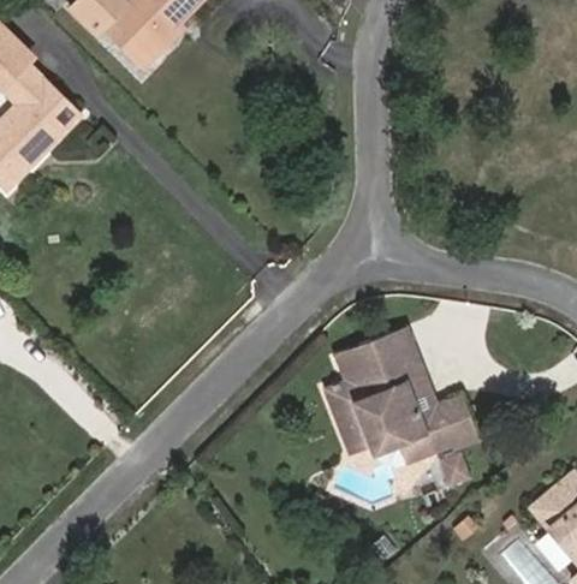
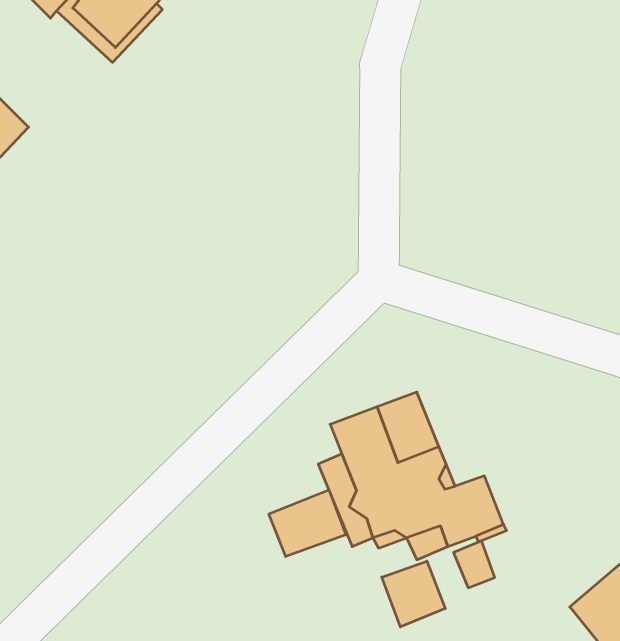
building: none -> [269,490,346,557]
building: none -> [382,561,445,627]

